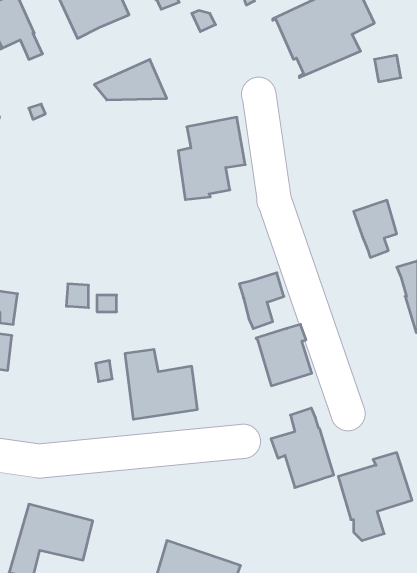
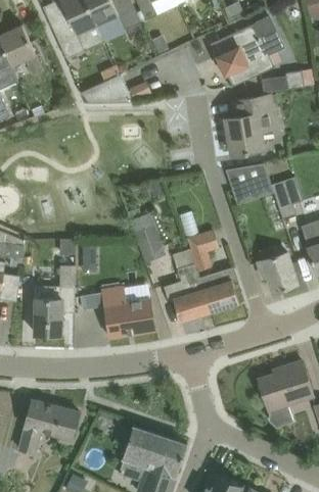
building: [178,117,245,200] -> [226,94,275,154]
building: none -> [225,163,269,191]
building: none -> [130,213,164,261]
building: none -> [258,246,297,292]
building: none -> [35,265,76,335]
building: [271,408,334,488] -> [164,263,210,322]

